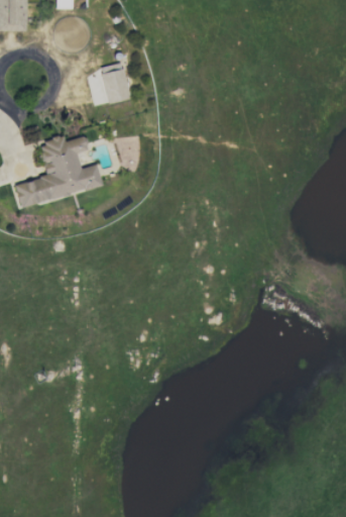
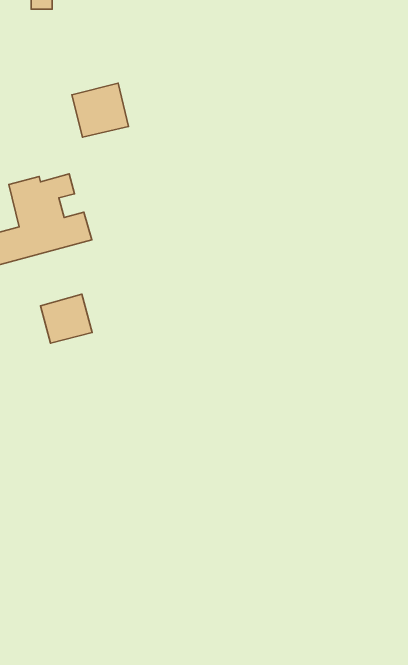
building: none -> [41,294,92,343]

